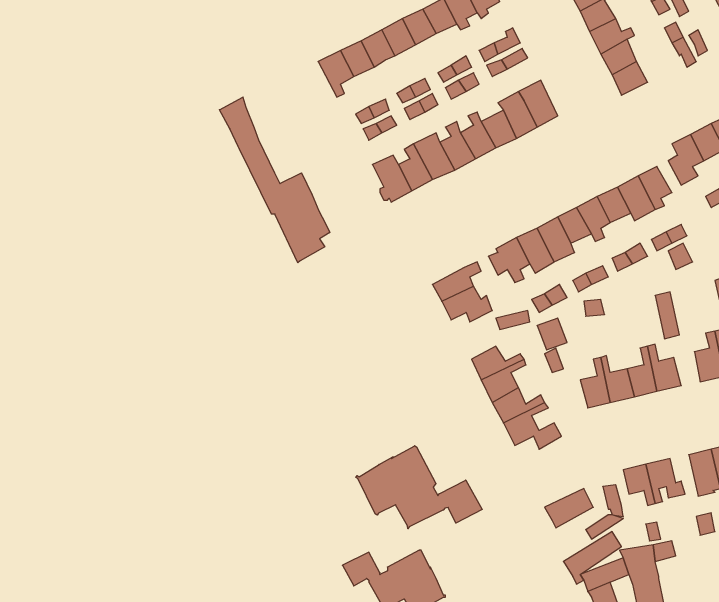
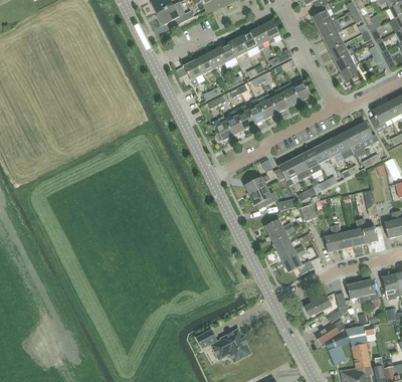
building: [219,97,330,263] -> none
building: [356,446,482,529] -> none

